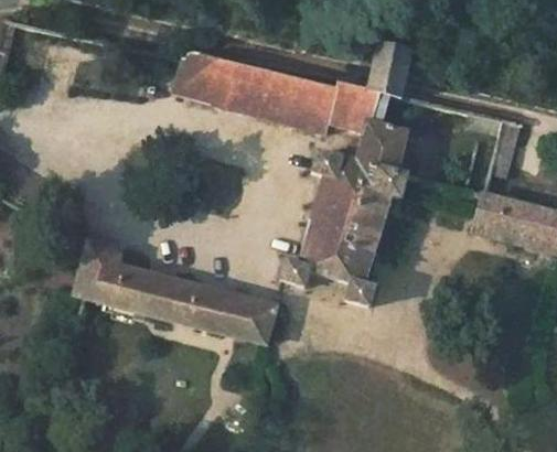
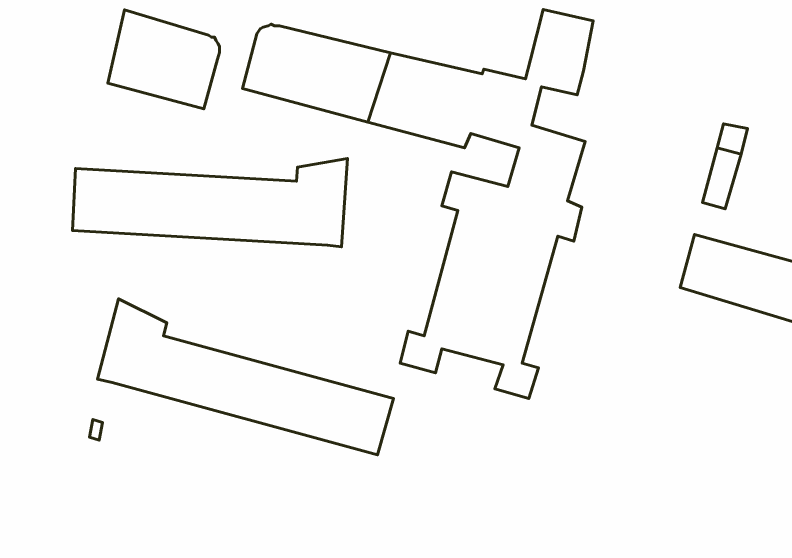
building: none -> [108,10,219,109]
building: none -> [72,159,347,247]

